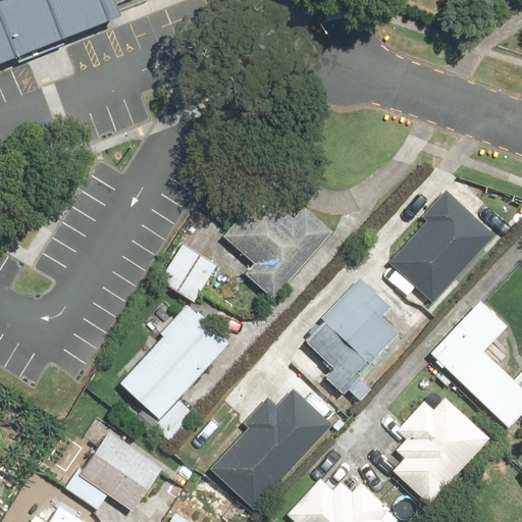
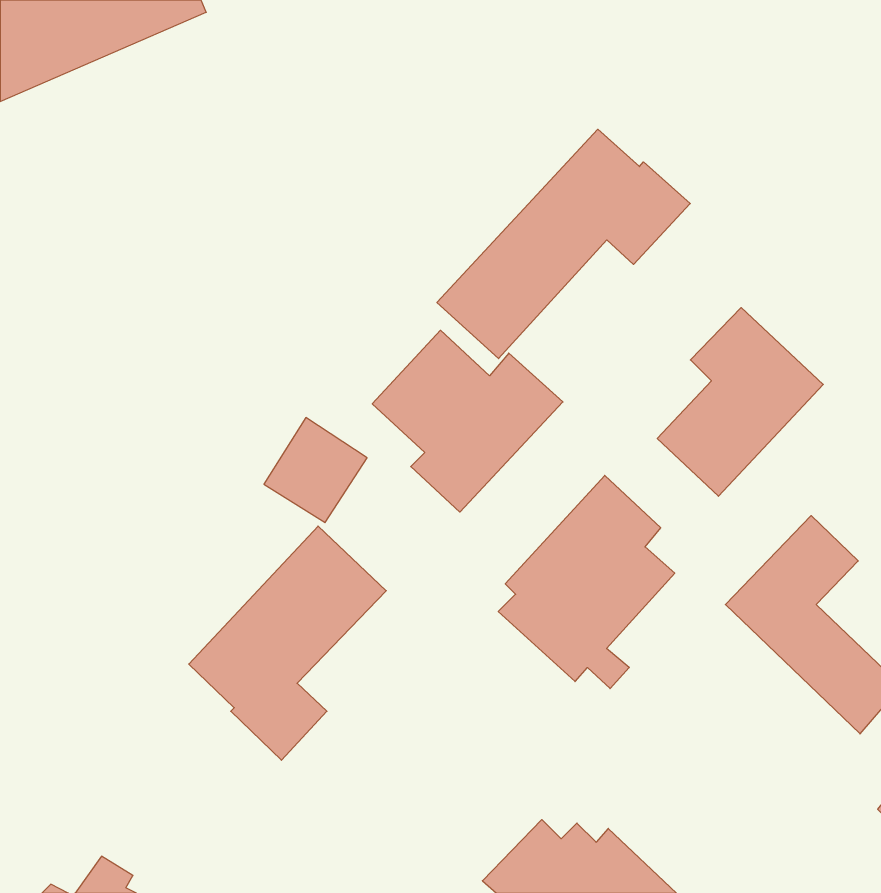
building: none -> [437,129,690,359]
building: [206,378,328,505] -> none
building: [385,402,486,504] -> none
building: [67,432,163,513] -> none

